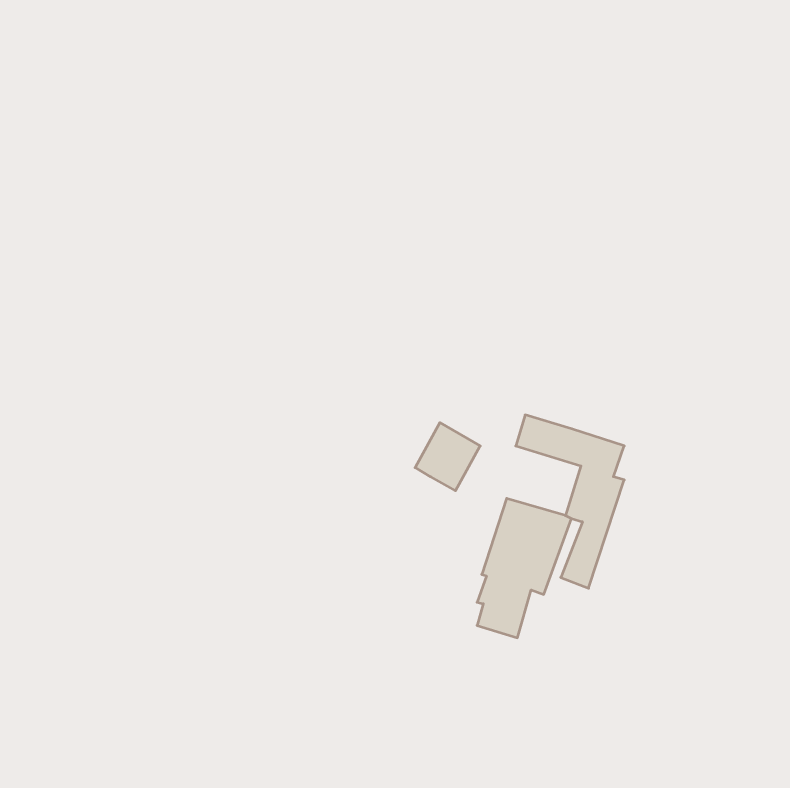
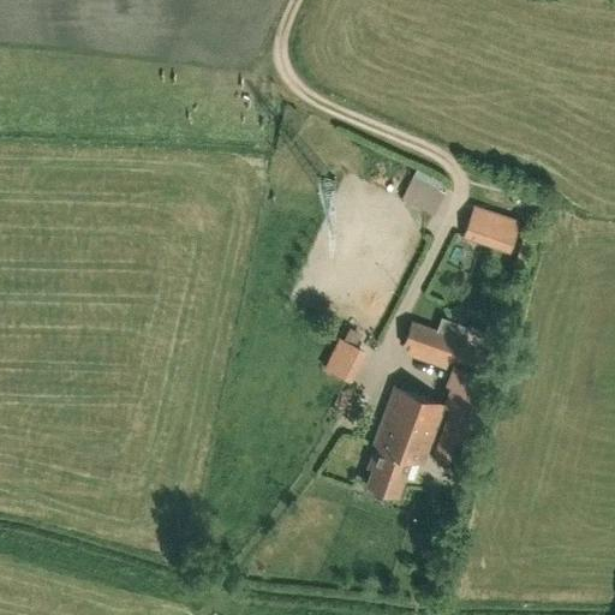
building: none -> [402,180,443,214]
building: none -> [462,208,519,255]

